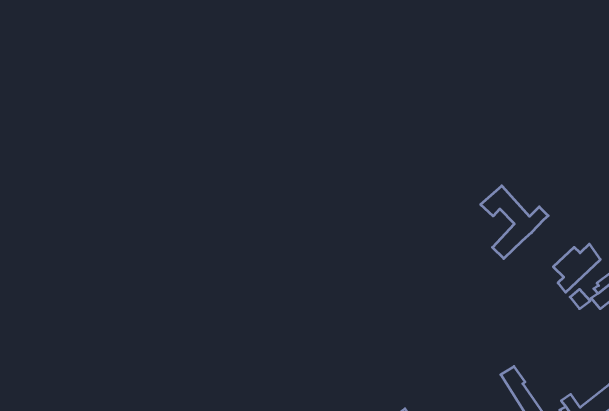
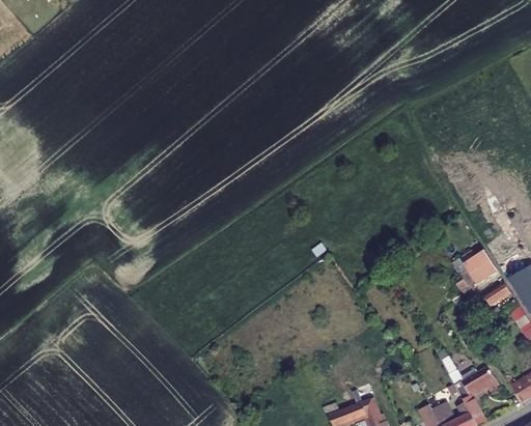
building: [481,186,548,259] -> none

